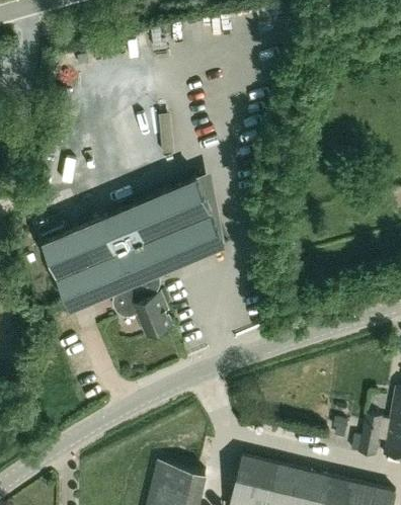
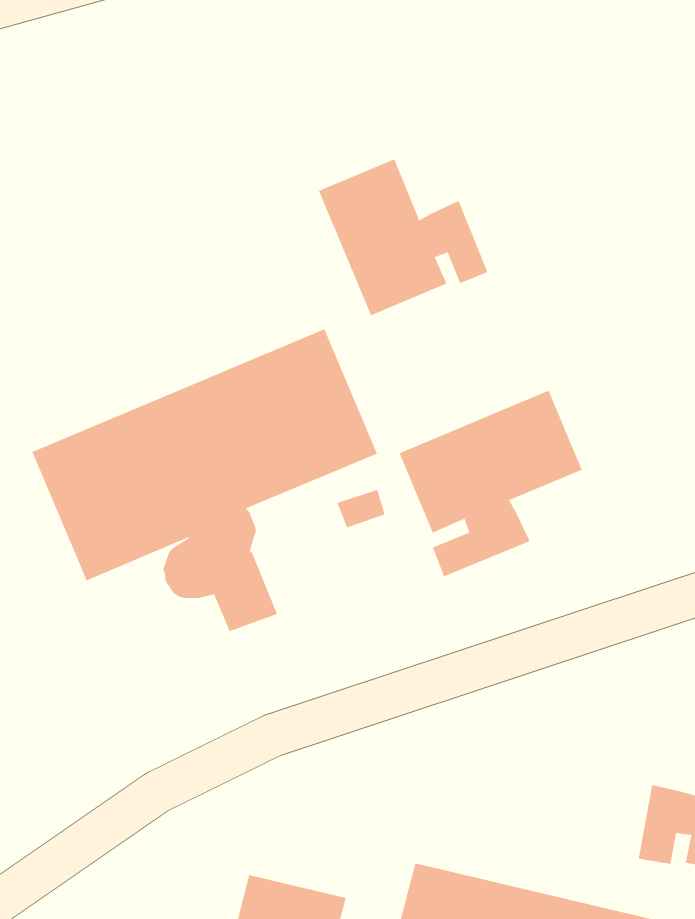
building: none -> [318,158,488,316]
building: none -> [399,390,583,577]

